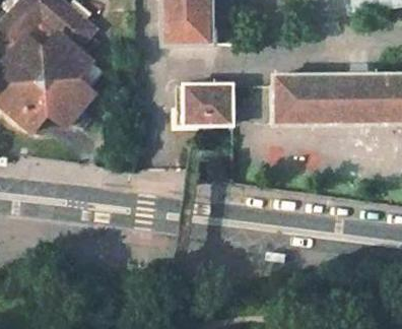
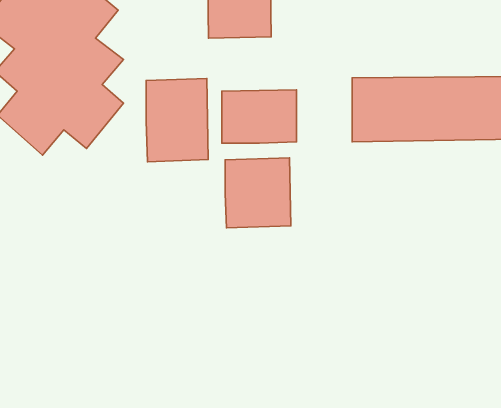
building: none -> [146,78,208,162]
building: none -> [225,158,291,228]

